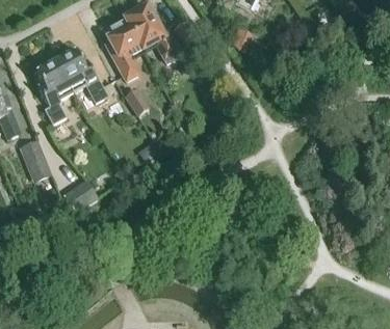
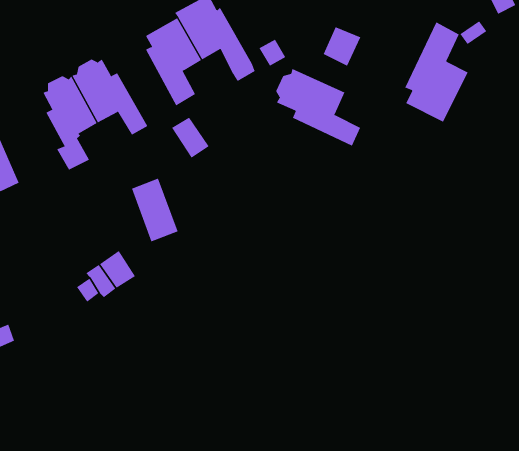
building: none -> [405,22,468,123]
building: none -> [276,68,361,147]
building: [21,138,53,182] -> [131,178,179,242]

